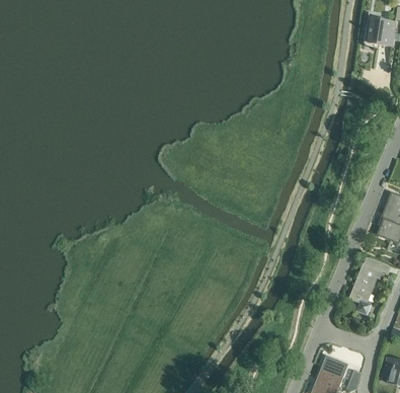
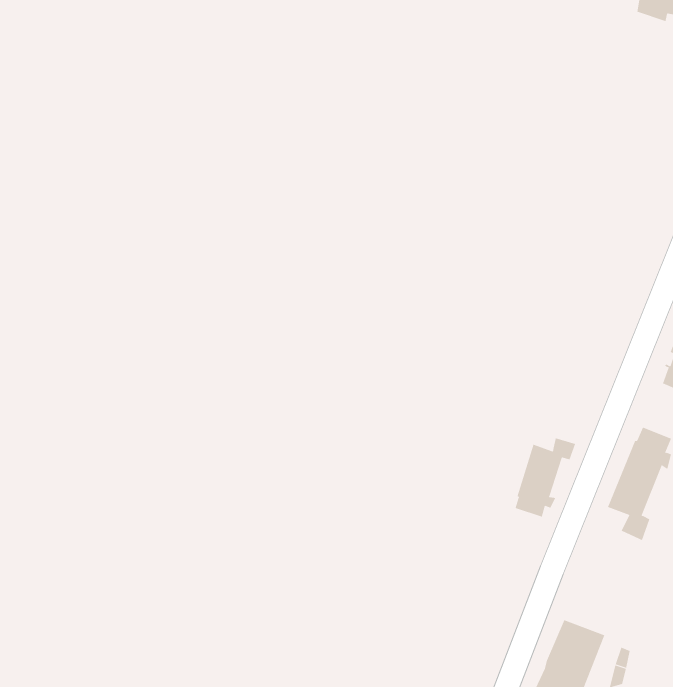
building: none -> [515,438,576,518]

